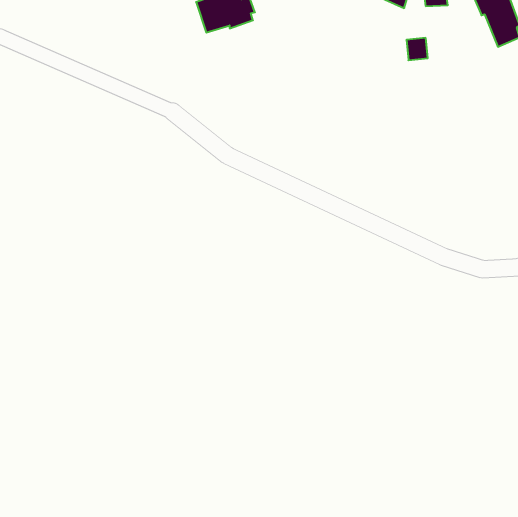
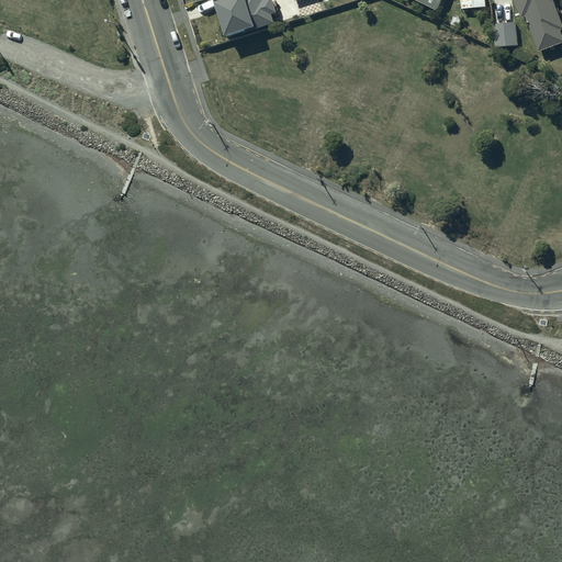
building: [406,38,428,60] -> [494,21,517,45]

